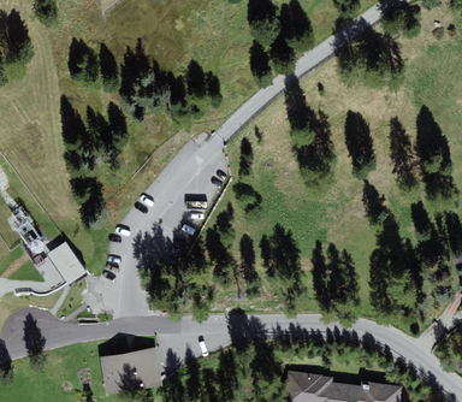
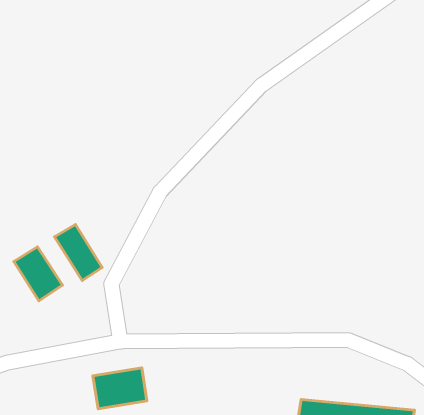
building: none -> [55,225,102,281]

